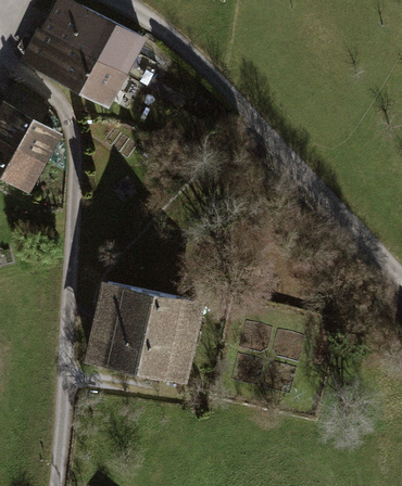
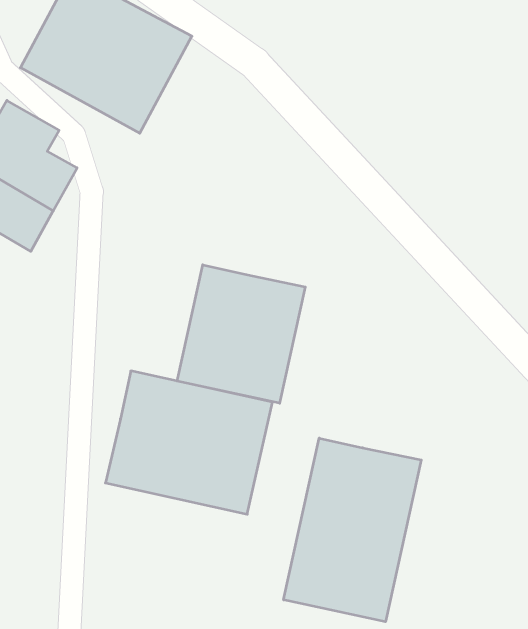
building: none -> [177,265,305,403]
building: none -> [284,438,421,622]

